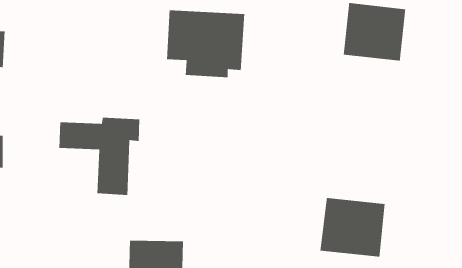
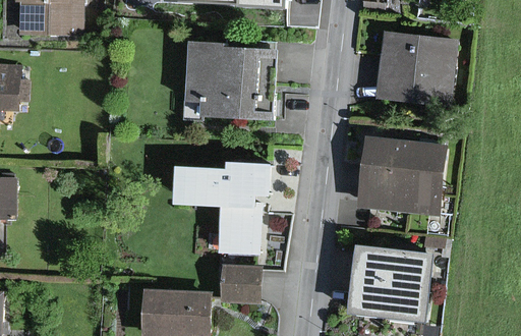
building: none -> [362,139,437,207]
building: [59,117,140,196] -> [180,166,270,253]
building: none -> [223,268,254,300]

